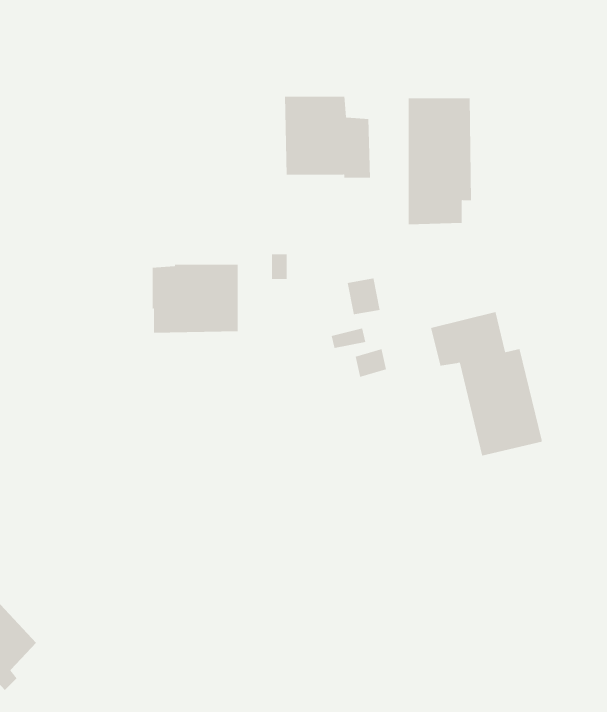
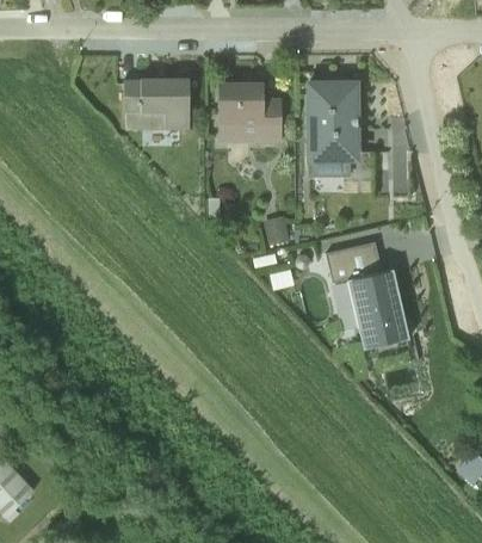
building: [152,264,238,333] -> [124,78,189,129]

